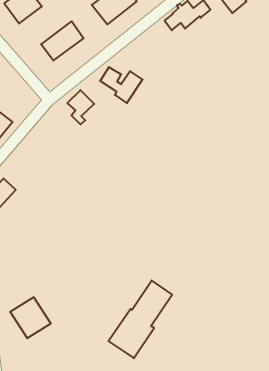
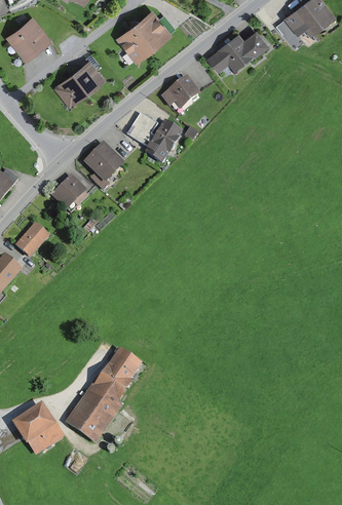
building: none -> [161,77,196,106]
building: none -> [51,174,86,209]
building: none -> [14,221,50,258]
building: [108,280,172,358] -> [65,346,145,443]

